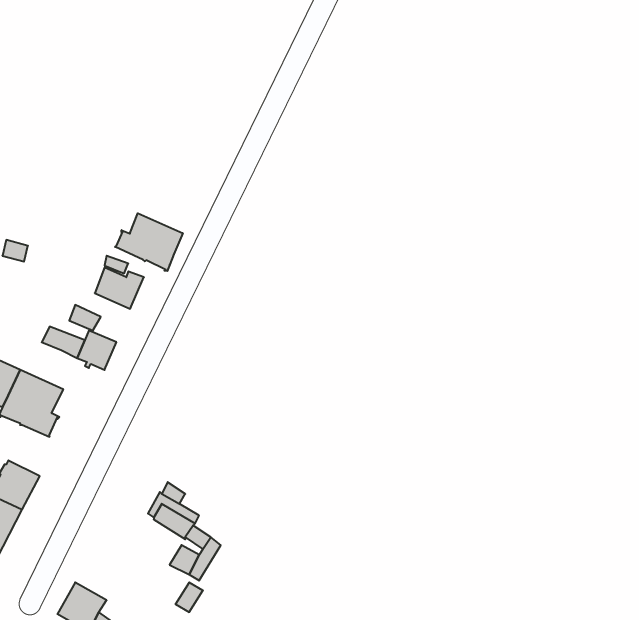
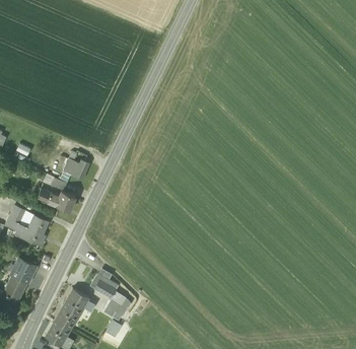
building: [115,213,183,271] -> none
building: none -> [54,289,88,330]

